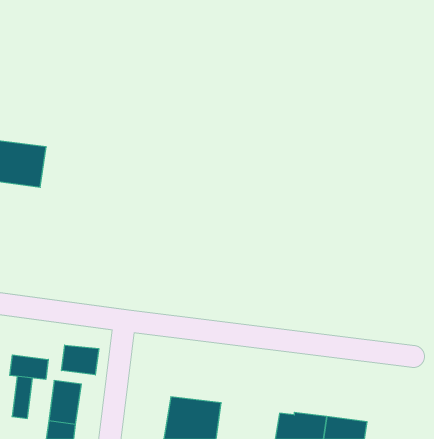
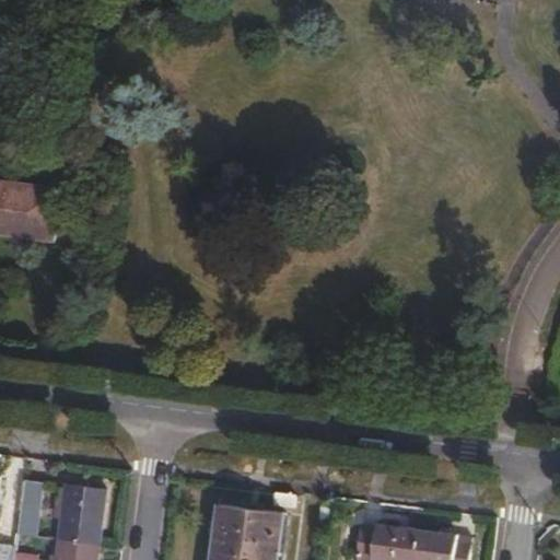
building: [62,345,99,375] -> none
building: [10,355,48,379] -> none

